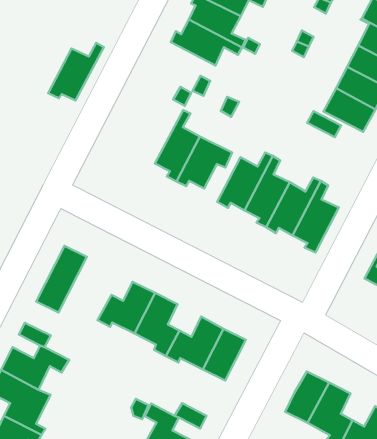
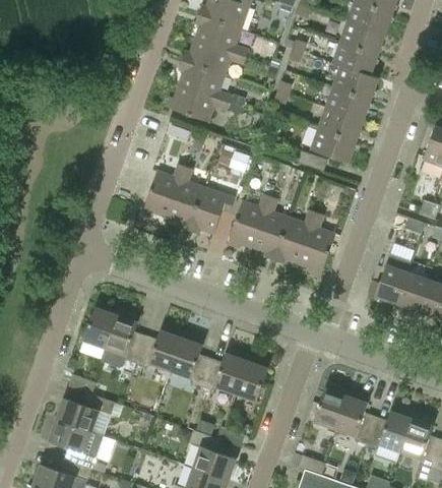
building: [48,43,104,101] -> [141,164,185,218]
building: none -> [100,309,144,369]

